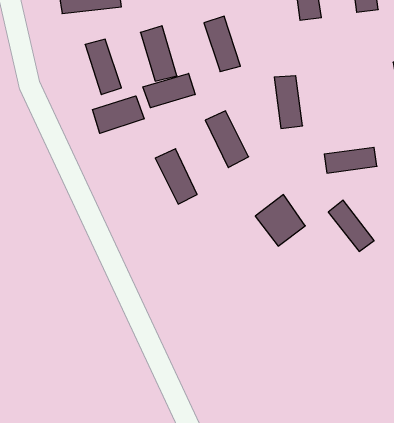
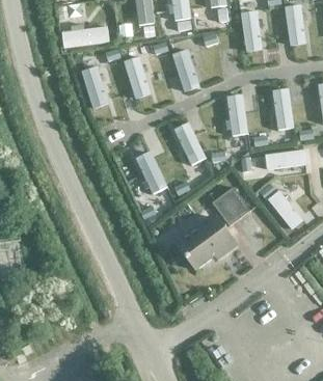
building: none -> [271,88,293,129]
building: [143,73,195,108] -> none
building: [92,96,144,133] -> none
building: none -> [174,218,236,270]

